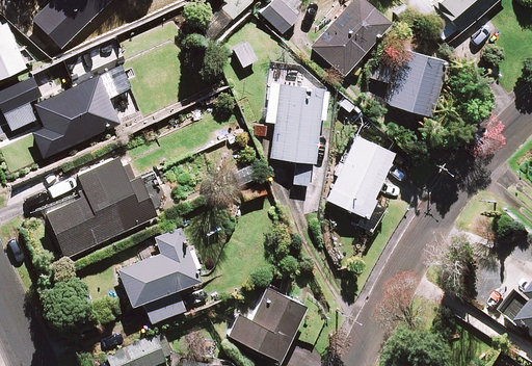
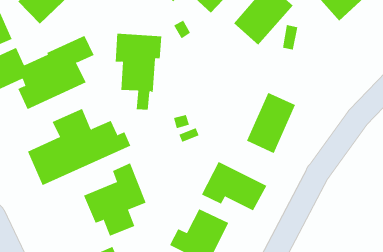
building: [389,51,446,116] -> none
building: [266,85,327,185] -> [115,33,162,110]
building: none -> [201,161,267,211]

